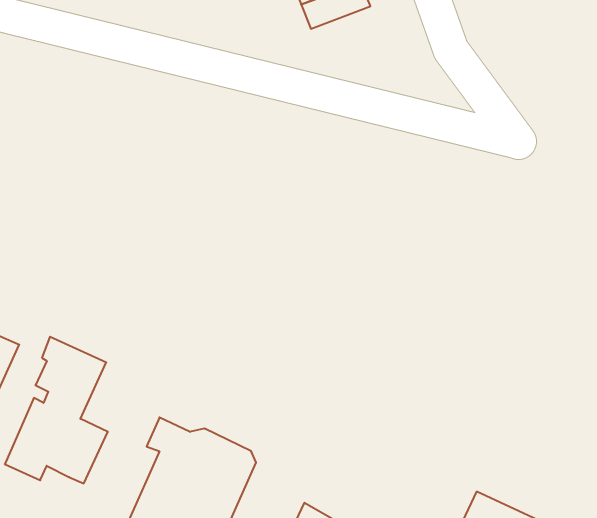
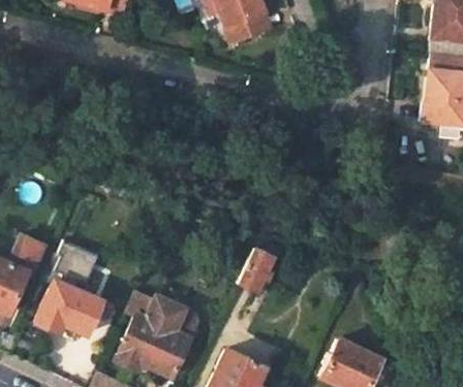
building: none -> [239,247,276,293]

